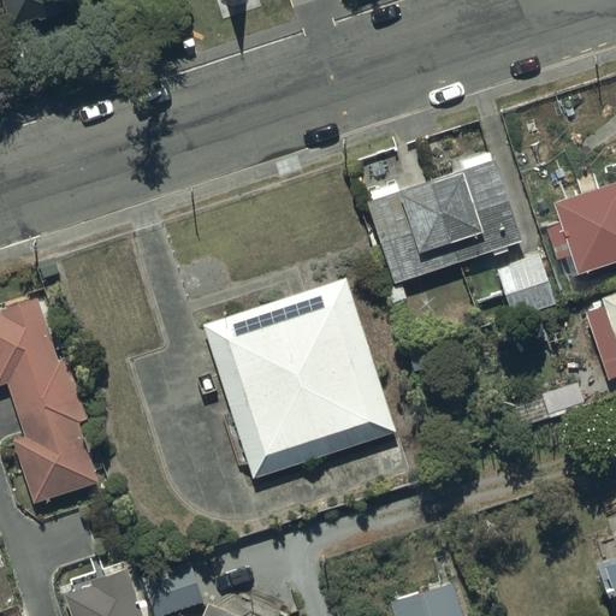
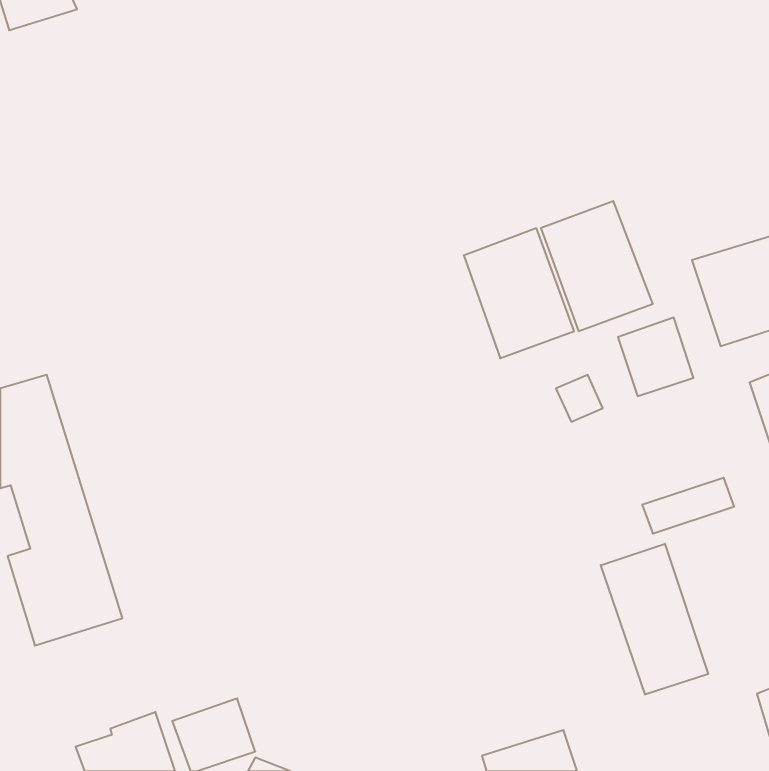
building: [203,277,395,478] -> none
building: none -> [601,544,708,695]

